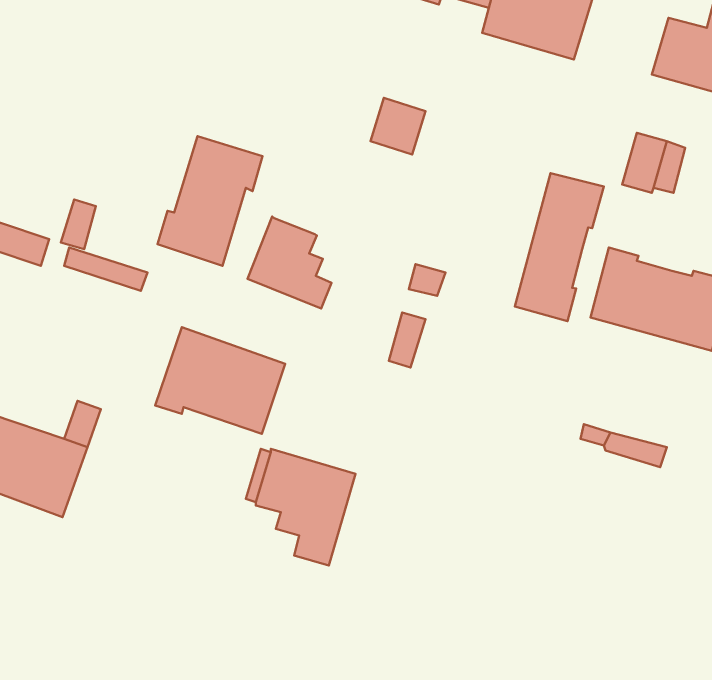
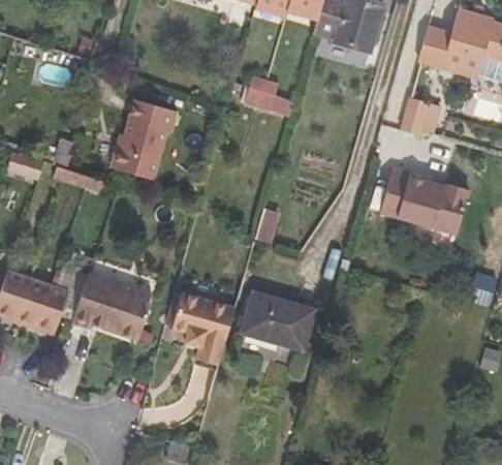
building: [515,173,604,321] -> none
building: [247,217,332,308] -> none
building: [155,327,285,434] -> [72,275,153,341]
building: none -> [241,291,314,349]

